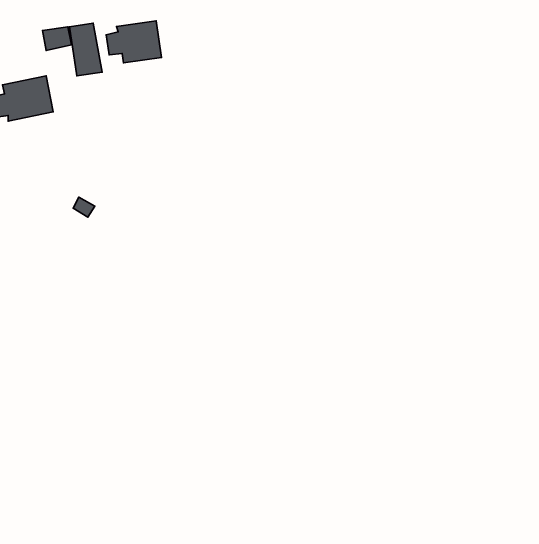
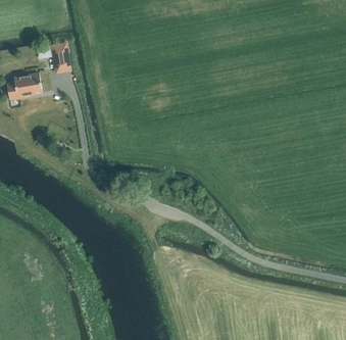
building: [106,21,161,63] -> none

